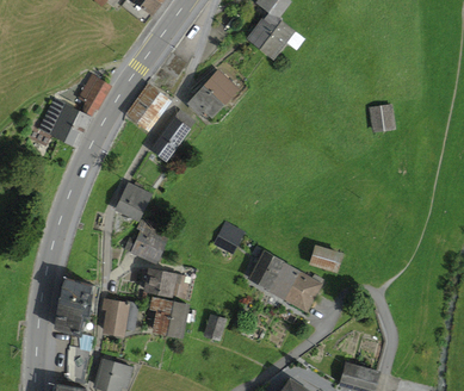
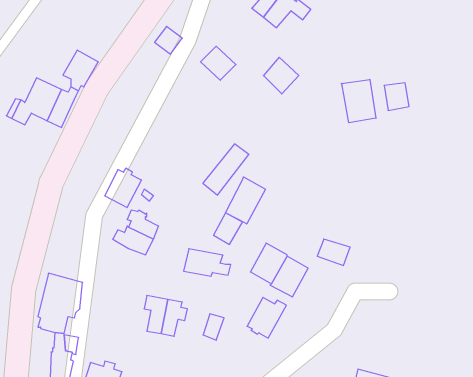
building: [128,86,168,129] -> none
building: [188,86,221,119] -> [263,57,299,94]
building: none -> [341,79,376,123]
building: [151,112,193,159] -> [203,144,249,195]
building: none -> [225,177,265,224]
building: [144,269,187,294] -> [184,249,231,276]
building: [286,273,322,310] -> [247,297,286,338]
building: [104,299,136,333] -> none

